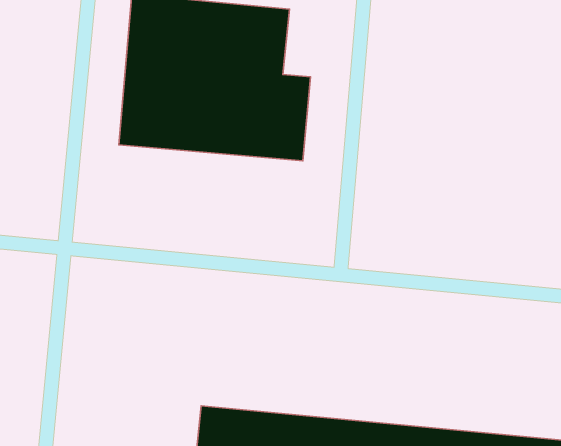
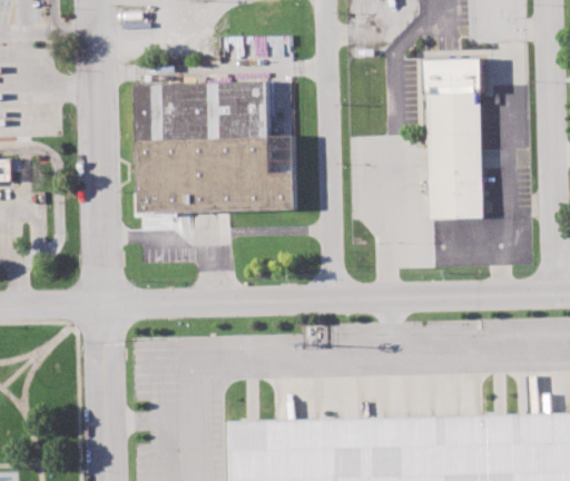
building: none -> [424,58,484,219]

